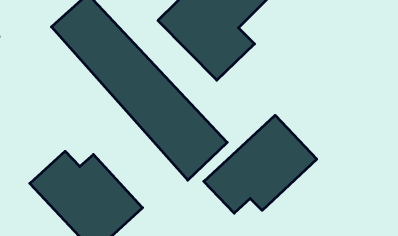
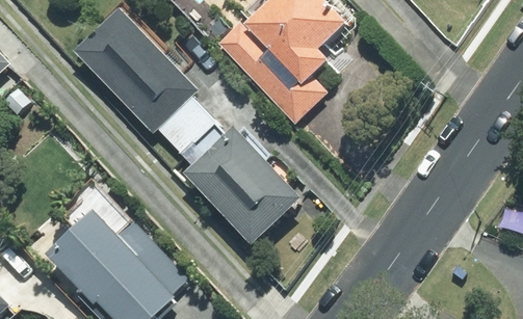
building: [204,115,317,213] -> none

